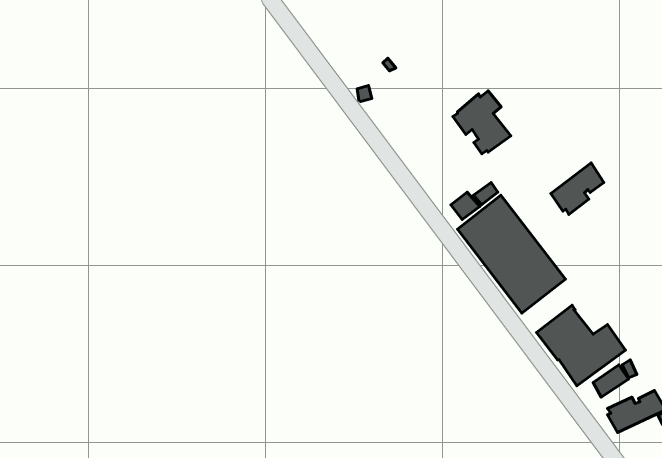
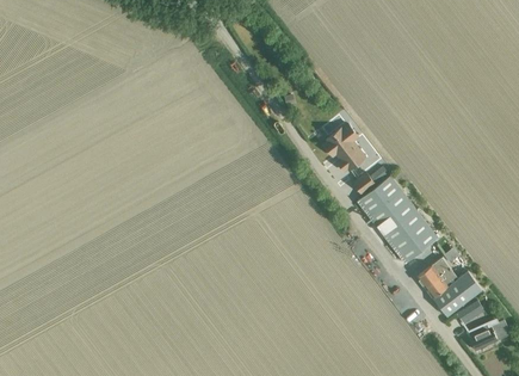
building: [453,91,511,154] -> [322,124,365,171]
building: [551,163,604,214] -> none

